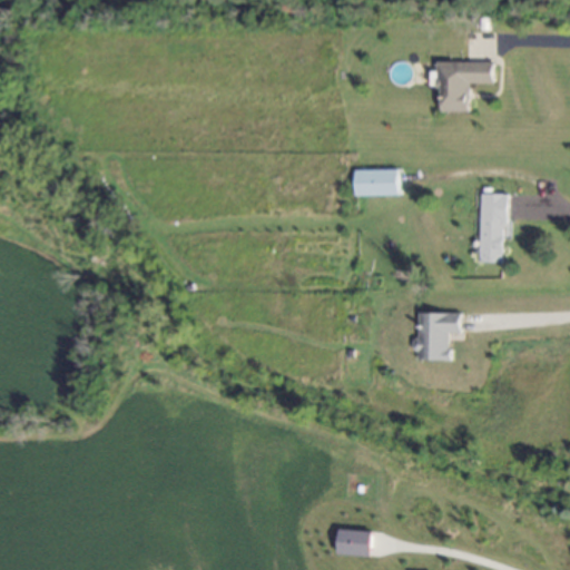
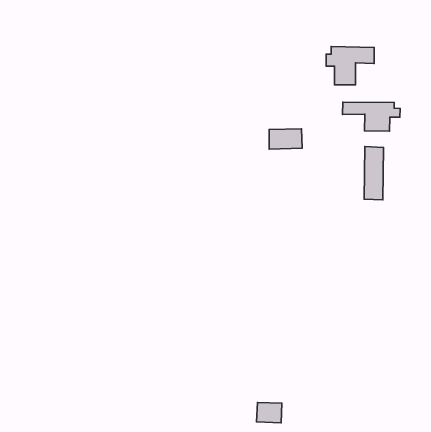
building: none -> [342,102,400,131]
building: [416,313,461,360] -> none

